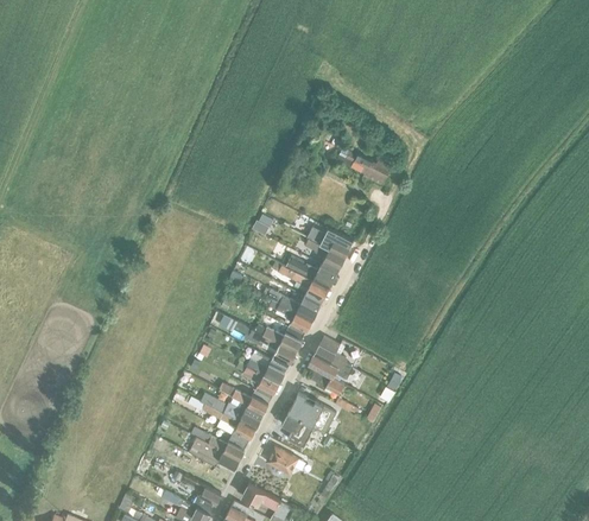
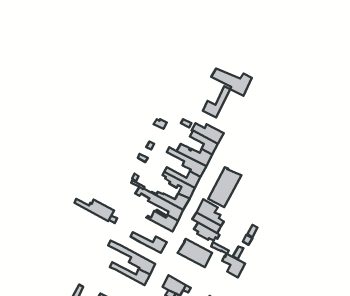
building: none -> [203,86,230,117]
building: none -> [208,167,242,207]
building: [238,362,280,398] -> none
building: [207,396,264,428] -> [74,199,114,221]
building: [281,413,315,447] -> [222,253,245,277]
building: [190,437,240,469] -> none

